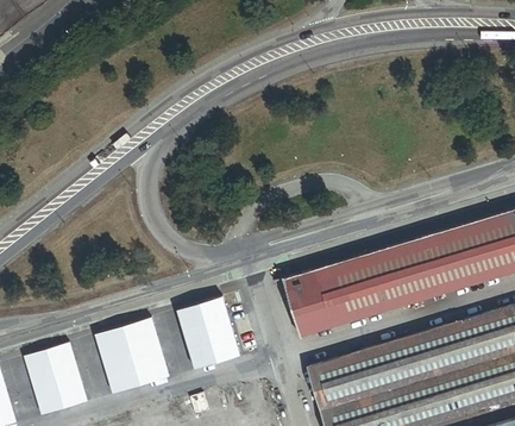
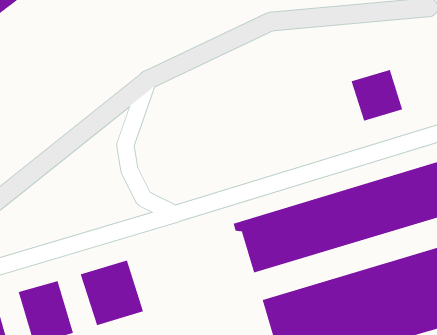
building: none -> [351,69,403,122]
building: [177,300,241,375] -> none

